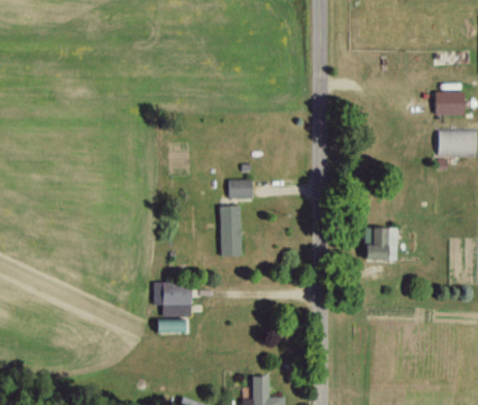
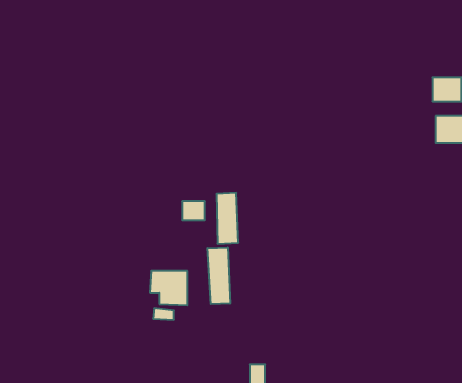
building: [229,180,252,198] -> [182,201,205,220]
building: [364,227,397,260] -> none
building: none -> [207,247,230,304]

